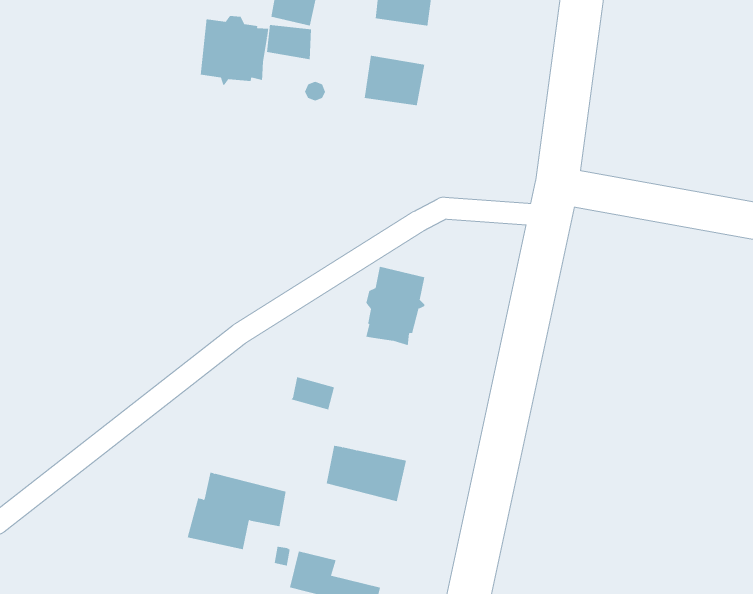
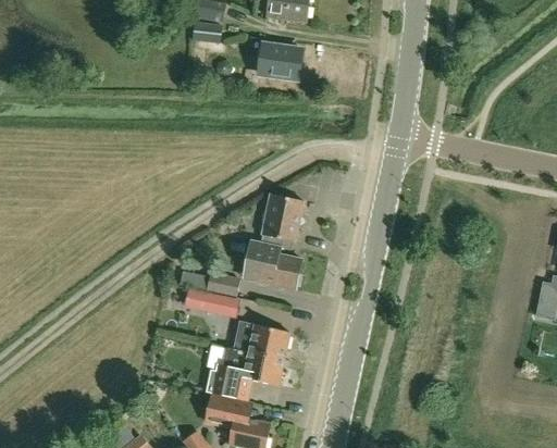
building: [200,15,269,86] -> none
building: none -> [248,241,300,289]
building: none -> [199,294,232,324]
building: [187,472,286,550] -> [212,347,283,402]

